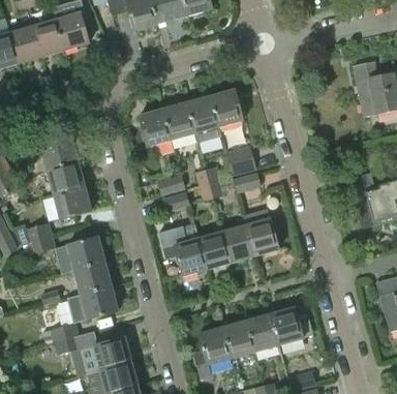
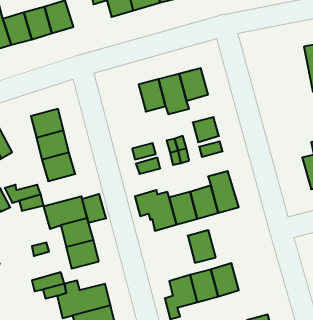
building: [139,109,172,146] -> none
building: none -> [82,194,106,223]
building: [270,307,302,344] -> [188,230,216,263]

